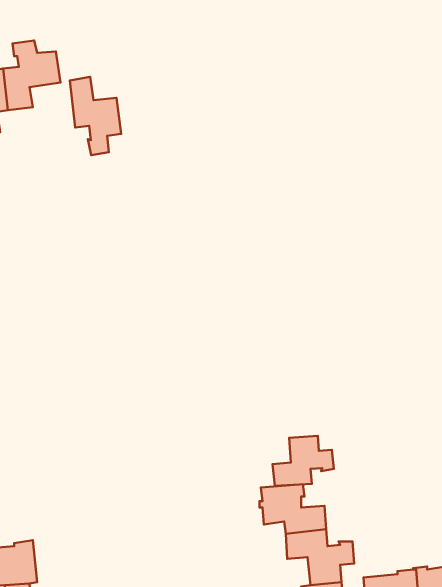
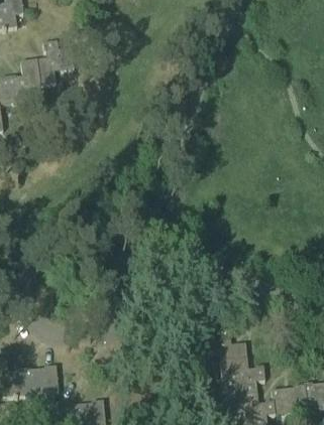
building: [70,77,121,155] -> none
building: [272,436,334,486] -> none

